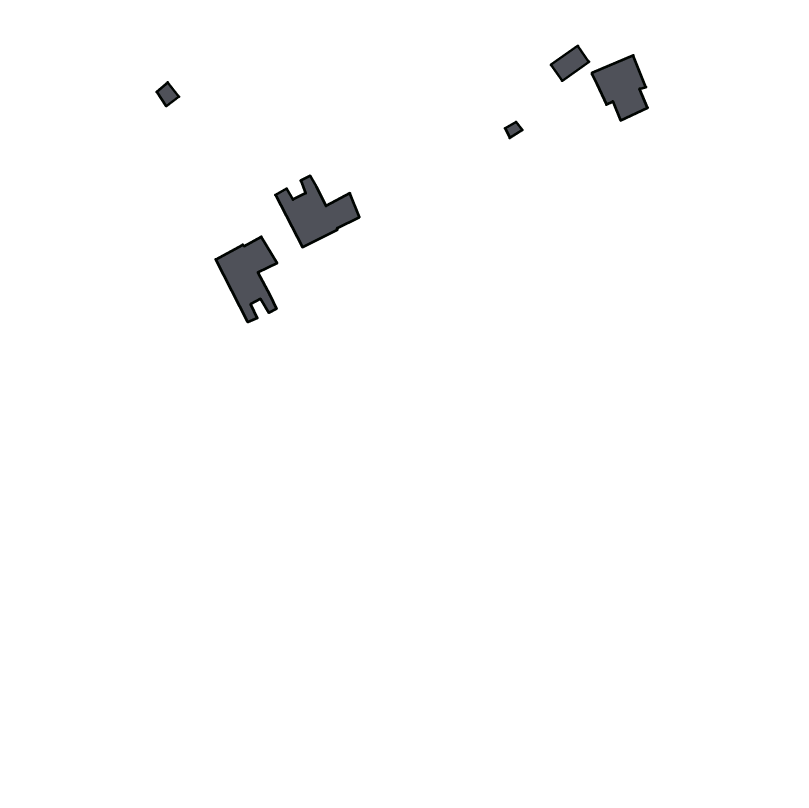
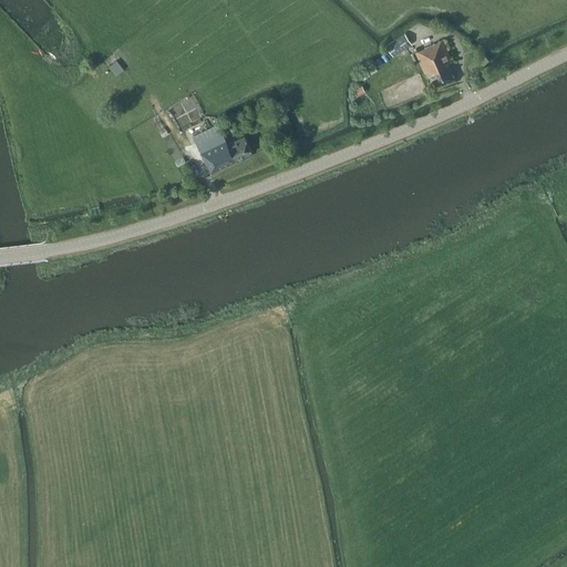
building: none -> [169,94,203,127]
building: [216,237,277,322] -> none

